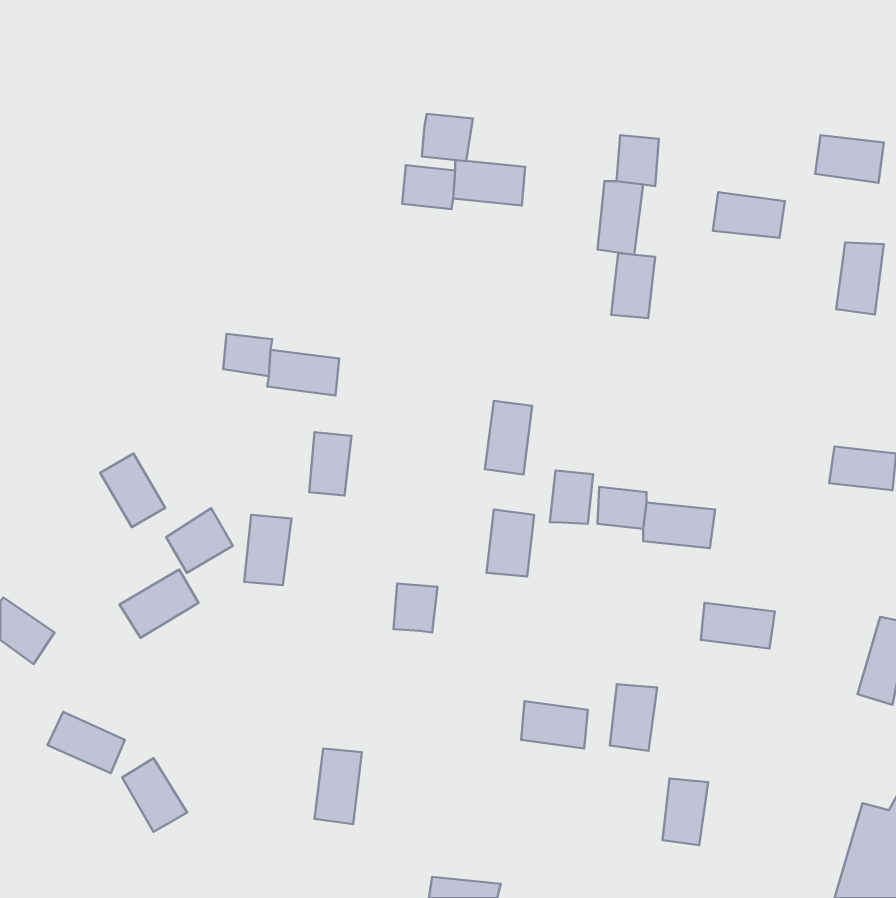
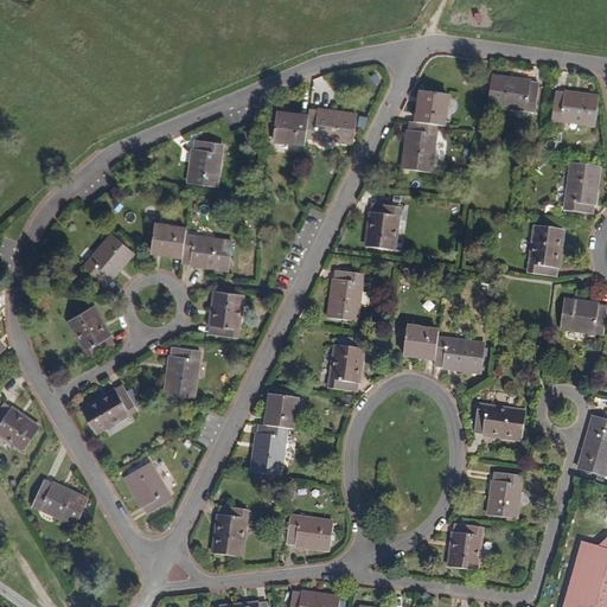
building: [422,114,473,161] -> none
building: [713,192,785,238] -> [488,77,537,108]
building: none -> [190,140,221,185]
building: [611,253,655,318] -> [368,204,397,248]
building: none -> [530,226,561,275]
building: none -> [85,234,132,283]
building: [550,471,593,524] -> none
building: [166,508,233,573] -> none
building: none -> [254,423,285,474]
building: [610,684,657,751] -> [488,473,520,518]
building: [521,701,588,749] -> [286,516,331,548]
building: [122,758,187,832] -> [126,462,170,512]

